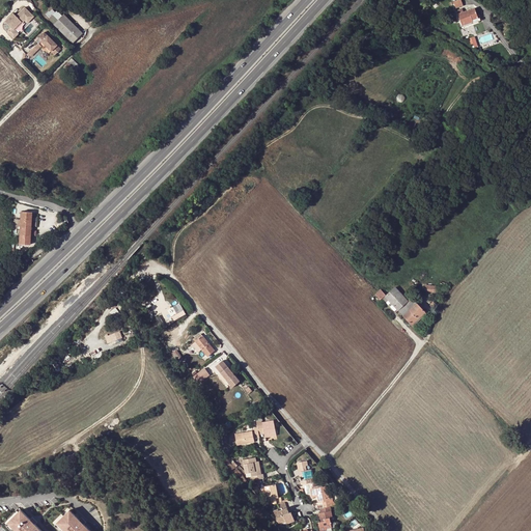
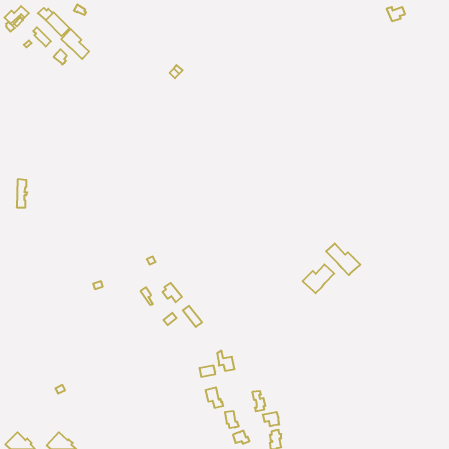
building: none -> [61,29,89,59]
building: none -> [303,264,334,293]

